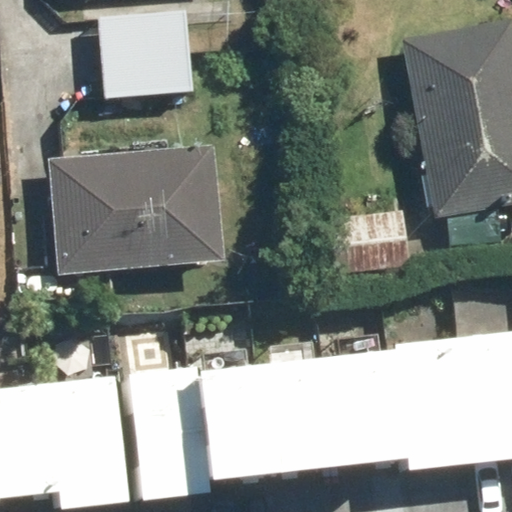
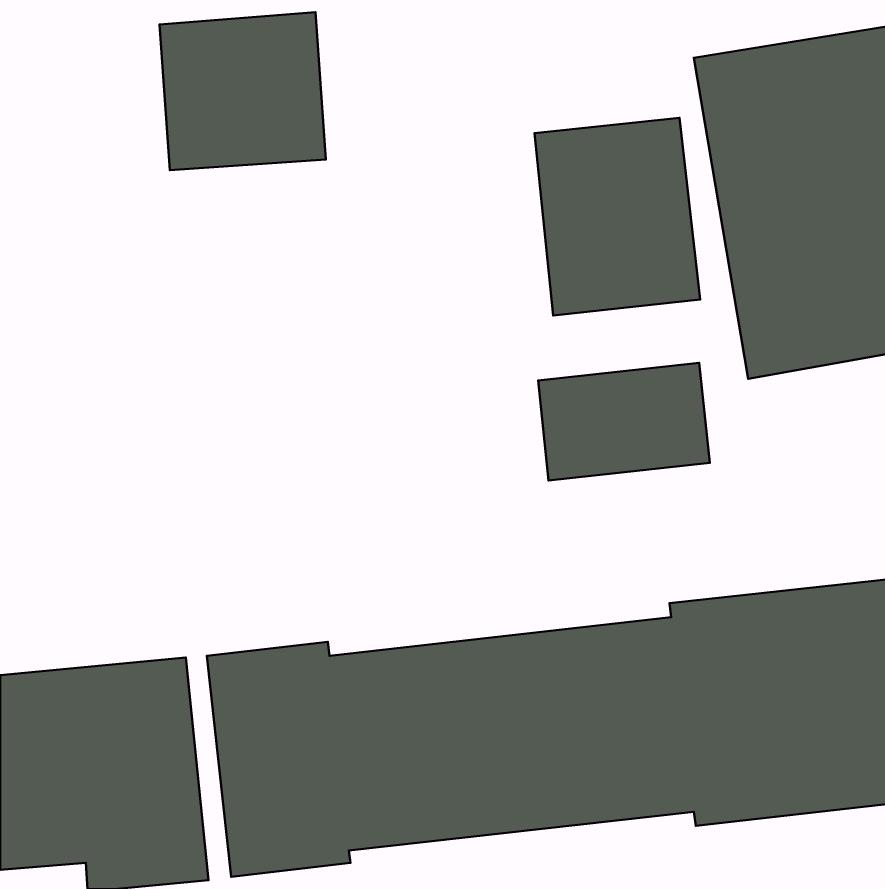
building: none -> [534,118,700,316]
building: [47,142,223,274] -> none

